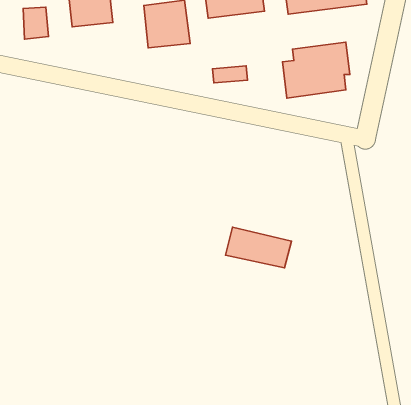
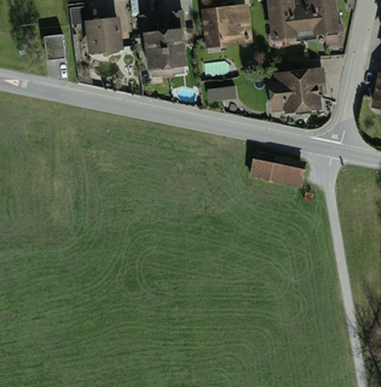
building: [226,227,291,268] -> [249,150,306,185]

